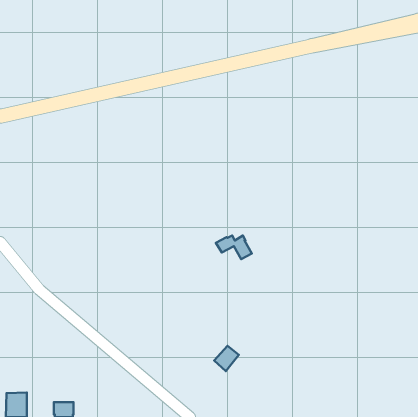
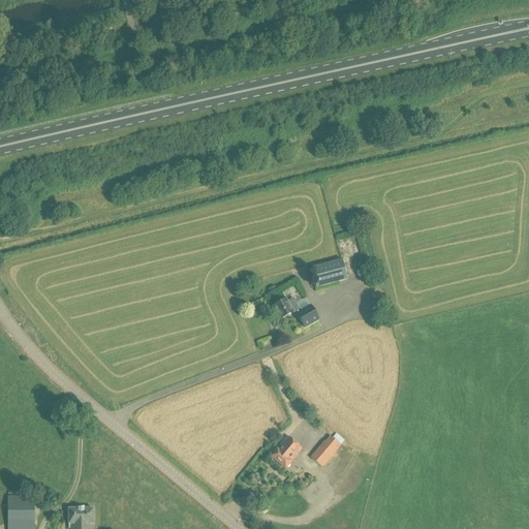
building: none -> [311,260,347,287]
building: none -> [310,431,346,468]

